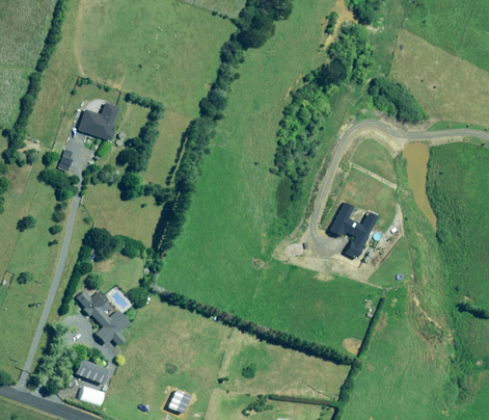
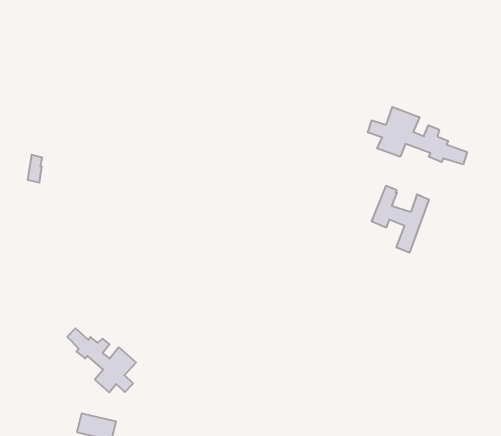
building: [79,101,119,140] -> none
building: none -> [368,107,467,164]

